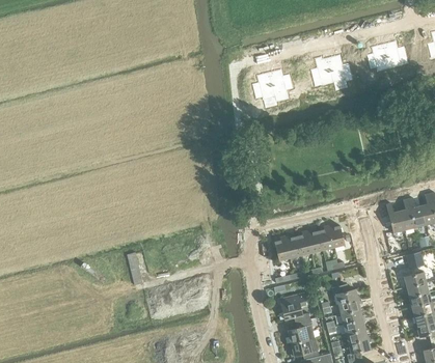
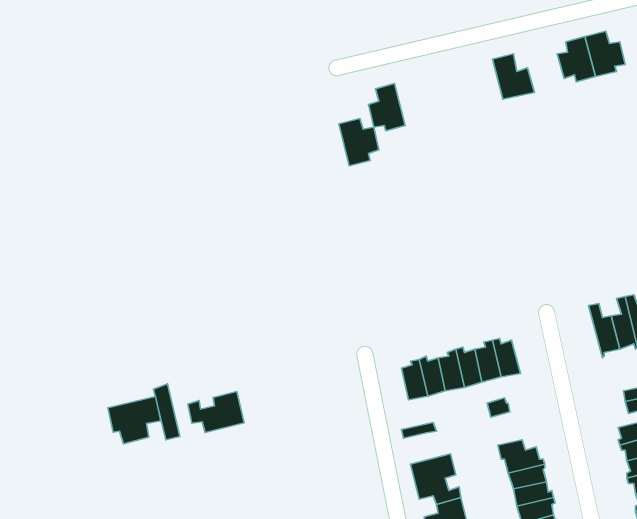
building: [311,57,334,85] -> none
building: [270,69,294,97] -> [339,119,379,166]
building: none -> [188,392,244,432]
building: none -> [108,396,161,444]

